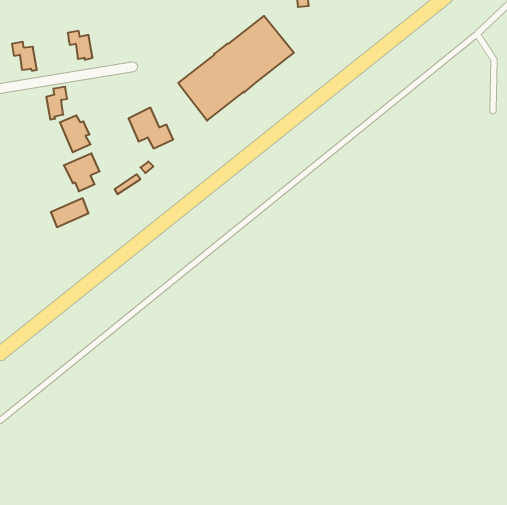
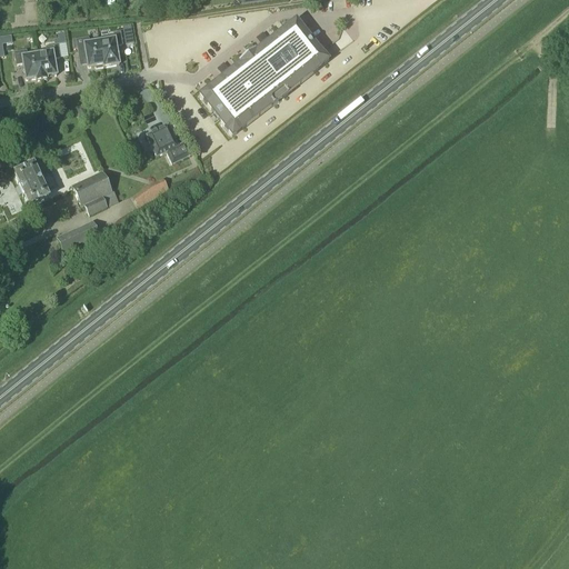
building: none -> [101,29,124,64]
building: [46,87,67,120] -> [39,41,62,78]
building: [60,115,91,152] -> [16,163,50,204]

